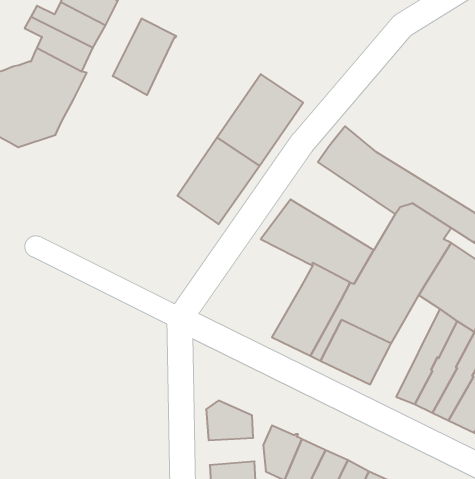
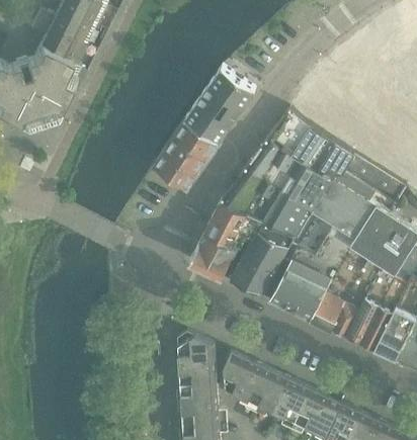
building: [113,18,176,95] -> none
building: none -> [246,139,331,210]
building: none -> [190,201,264,281]
building: none -> [311,247,367,330]
building: none -> [179,363,217,385]

